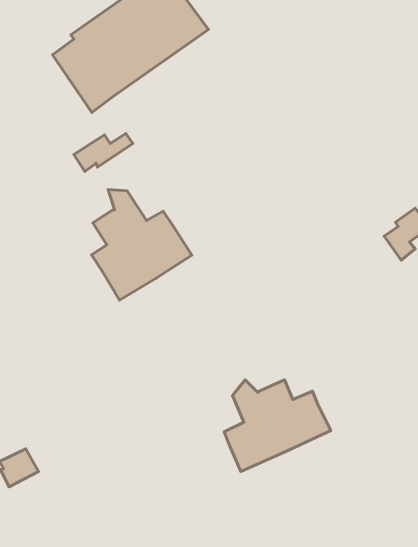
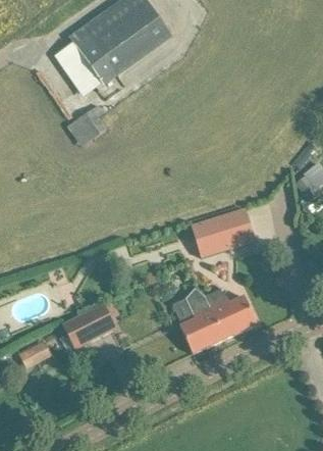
building: [92,190,192,300] -> none
building: none -> [192,209,256,257]
building: none -> [63,303,117,348]

